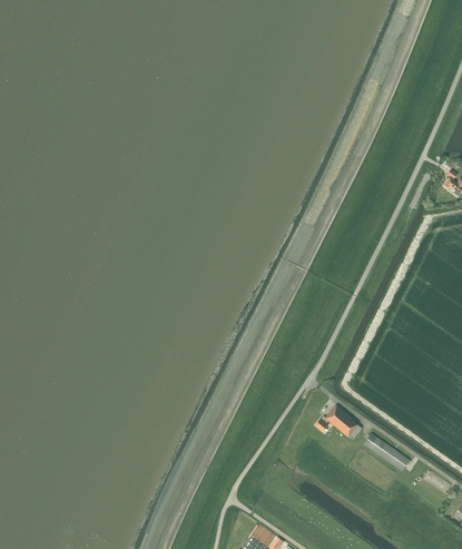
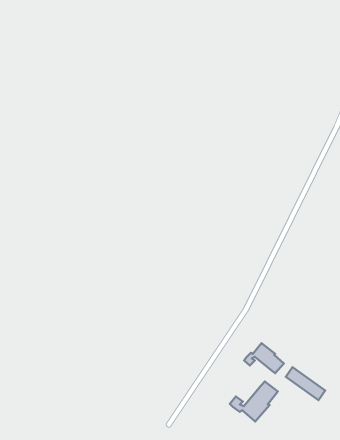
building: none -> [230,381,278,421]

